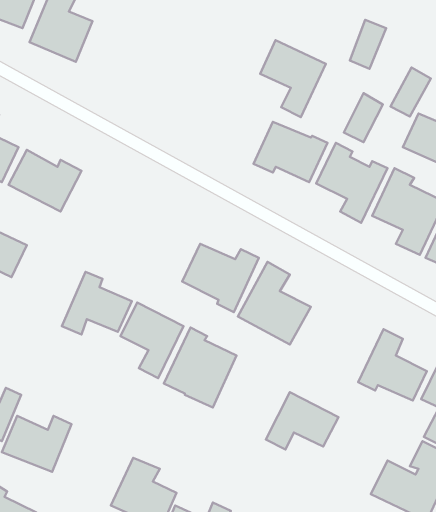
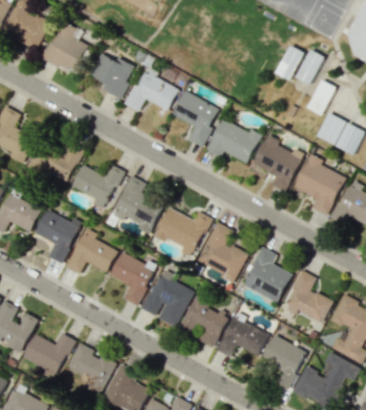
building: none -> [90,52,134,99]
building: [260,40,326,117] -> [171,91,219,147]
building: none -> [125,69,178,111]
building: [344,93,383,142] -> [295,49,323,85]
building: none -> [71,164,122,210]
building: none -> [112,177,163,233]
building: none -> [35,210,81,264]
building: none -> [242,247,292,303]
building: none -> [177,299,228,348]
building: none -> [260,335,307,390]
building: none -> [67,344,116,395]

